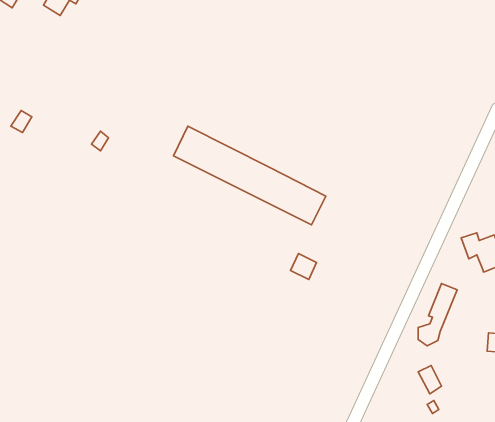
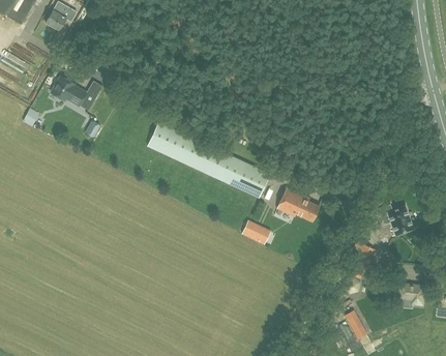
building: none -> [50,76,101,110]
building: none -> [276,187,319,221]

